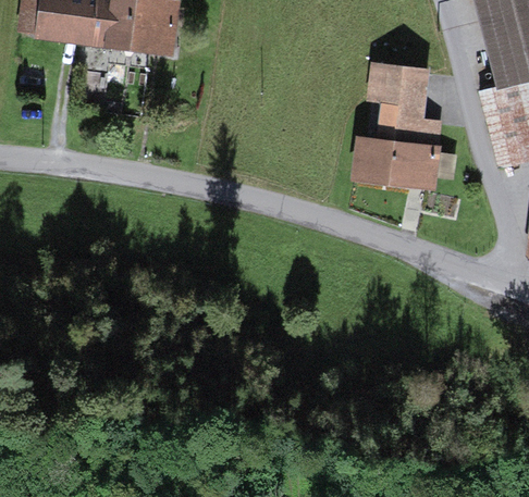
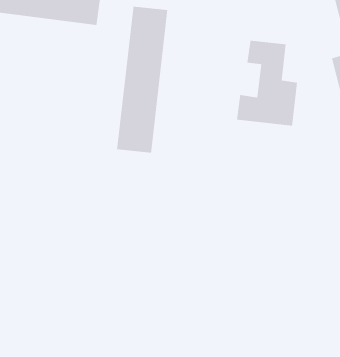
building: none -> [117,6,168,154]

